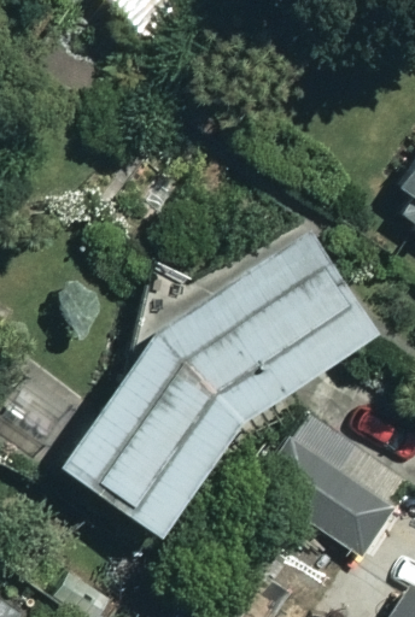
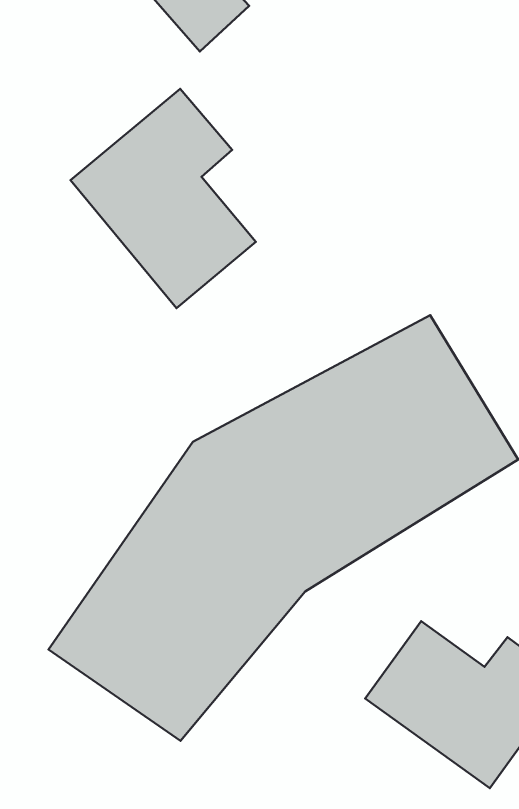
building: none -> [70,89,256,308]

